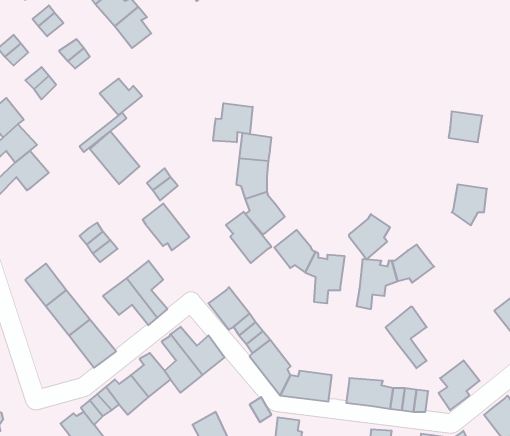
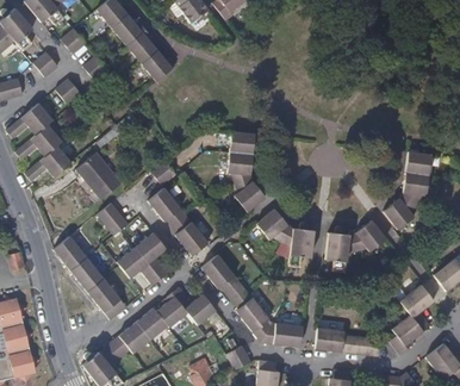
building: [100,79,142,115] -> [139,49,174,79]
building: [213,103,253,142] -> none
building: [449,111,482,142] -> [404,150,431,175]
building: [90,131,140,184] -> [77,155,118,198]
building: [226,212,271,263] -> [172,214,209,256]
building: [349,214,390,260] -> [381,194,415,231]
building: [386,307,427,368] -> [399,285,433,335]

